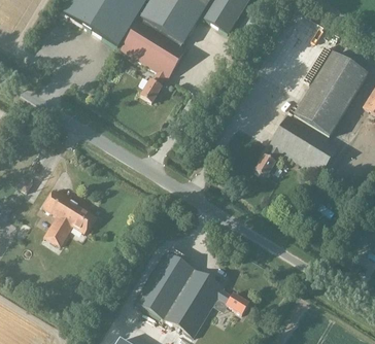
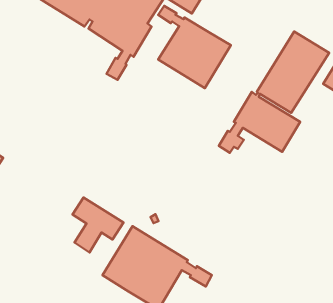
building: none -> [158,6,231,88]
building: [43,187,96,244] -> [72,197,124,253]

